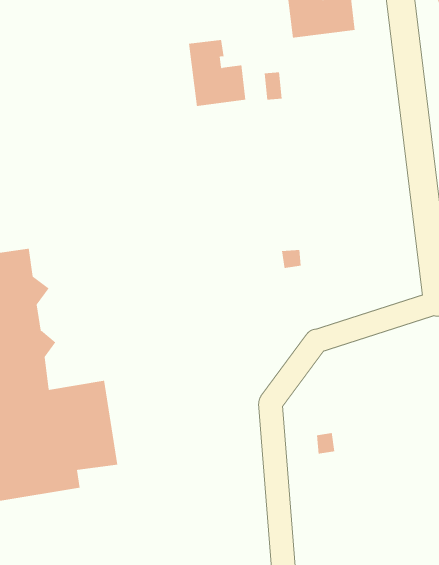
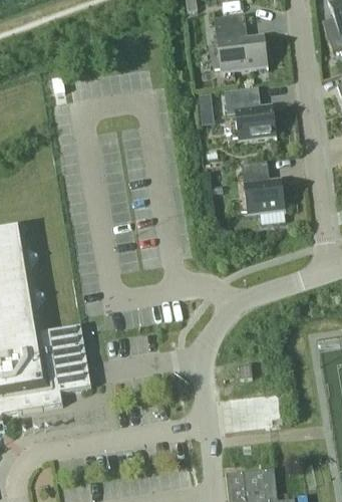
building: [188,39,246,107] -> [232,87,275,138]
building: none -> [241,161,284,211]

